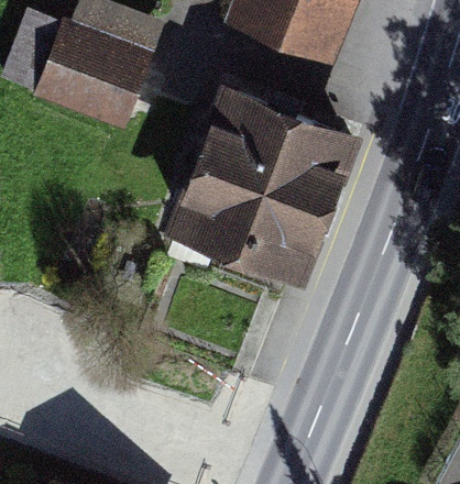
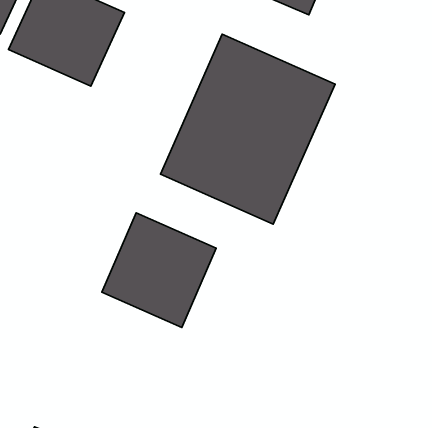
building: none -> [102,213,216,328]

